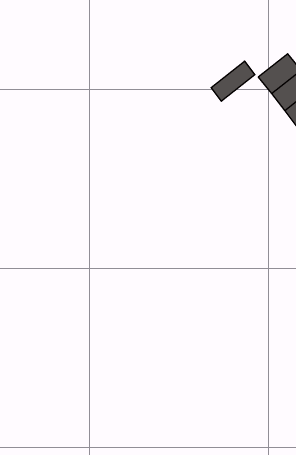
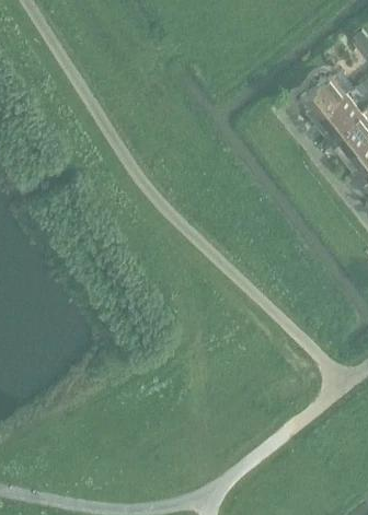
building: [211,61,255,101] -> none

